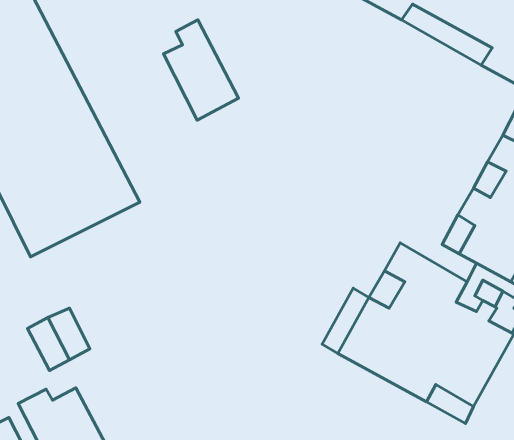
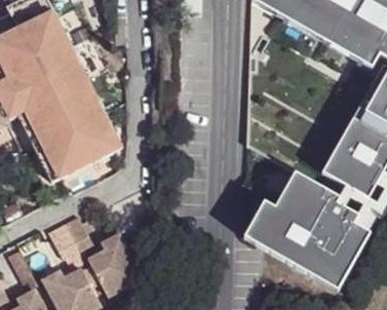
building: [164,20,238,120] -> none
building: none -> [88,234,141,297]

